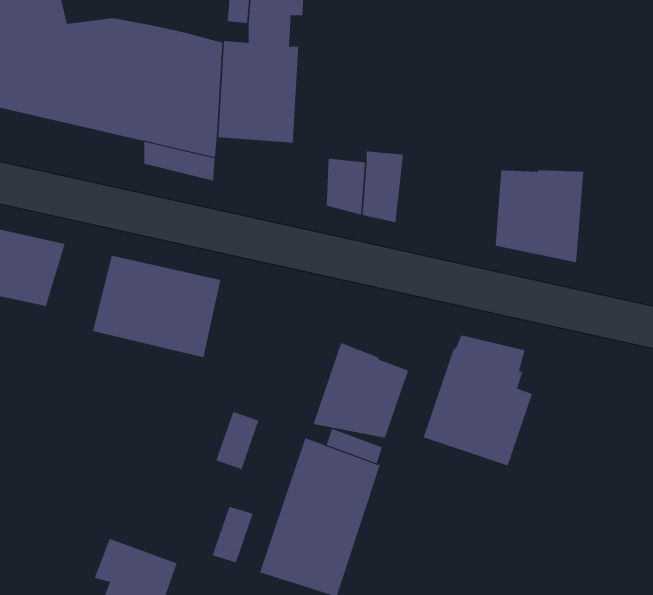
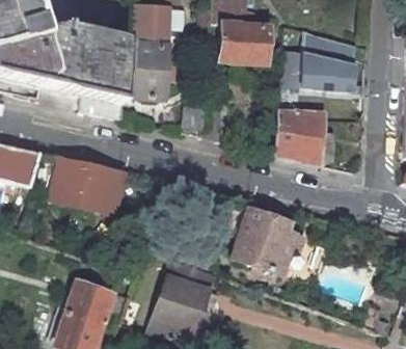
building: none -> [219,24,269,65]
building: none -> [281,27,357,90]
building: [313,342,409,439] -> none
building: none -> [65,284,114,327]

